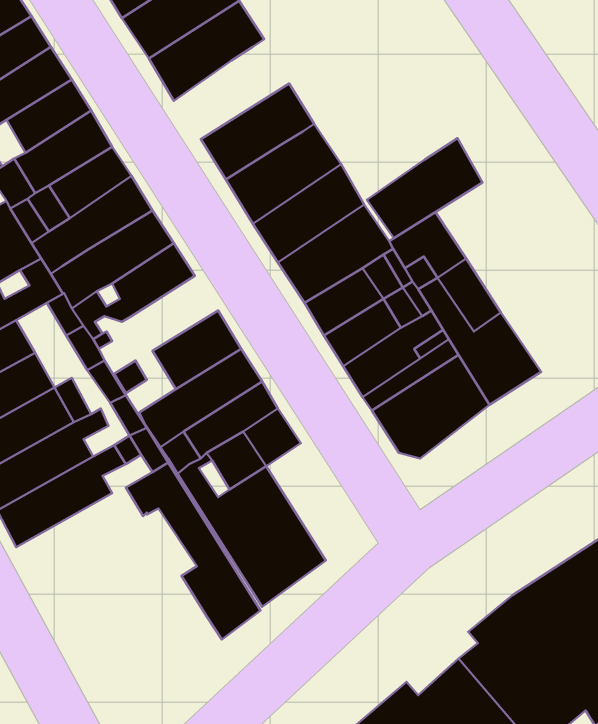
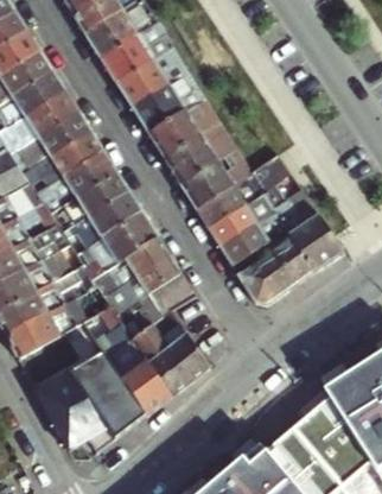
building: [367,138,482,238] -> [115,44,186,106]
building: none -> [89,190,142,236]
building: none -> [36,352,145,452]

